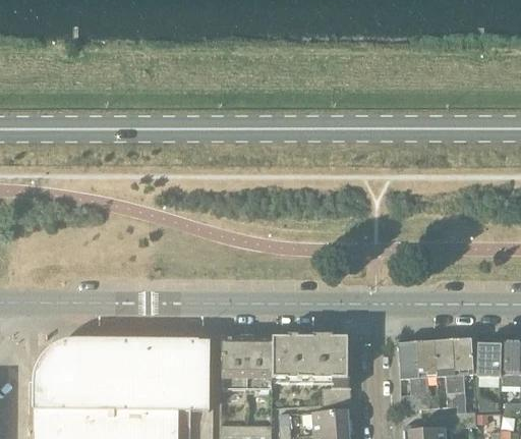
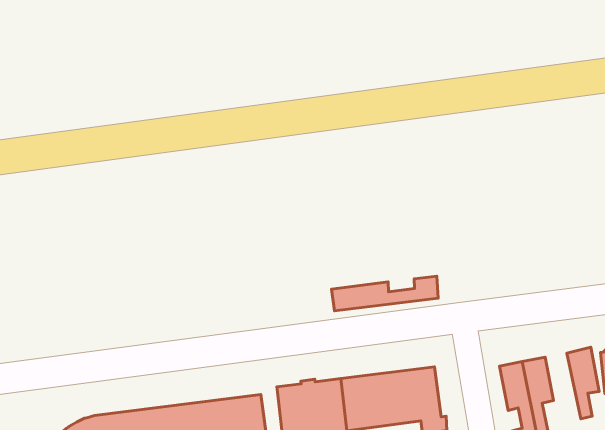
building: none -> [332,276,438,311]
building: [436,342,457,395] -> none

